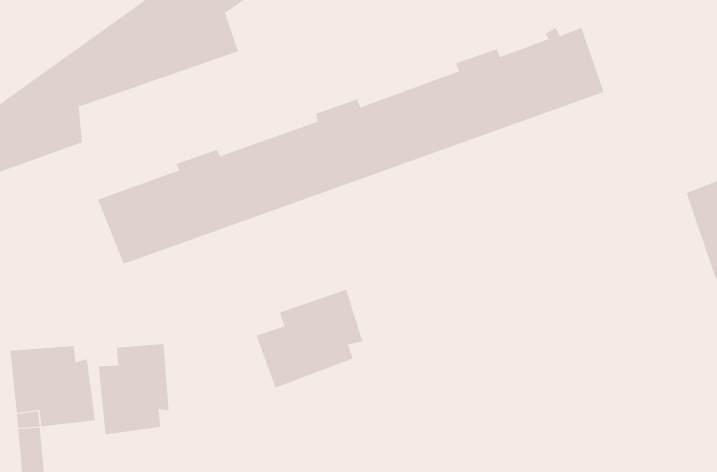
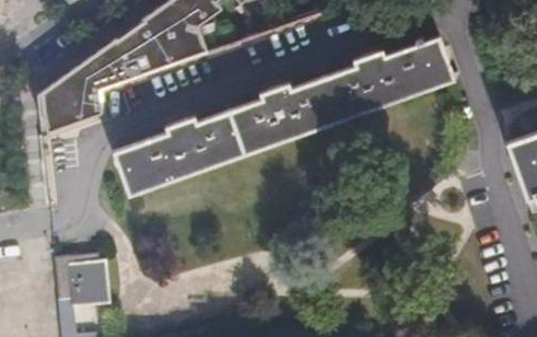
building: [256,289,363,389] -> none
building: [98,343,169,435] -> none

